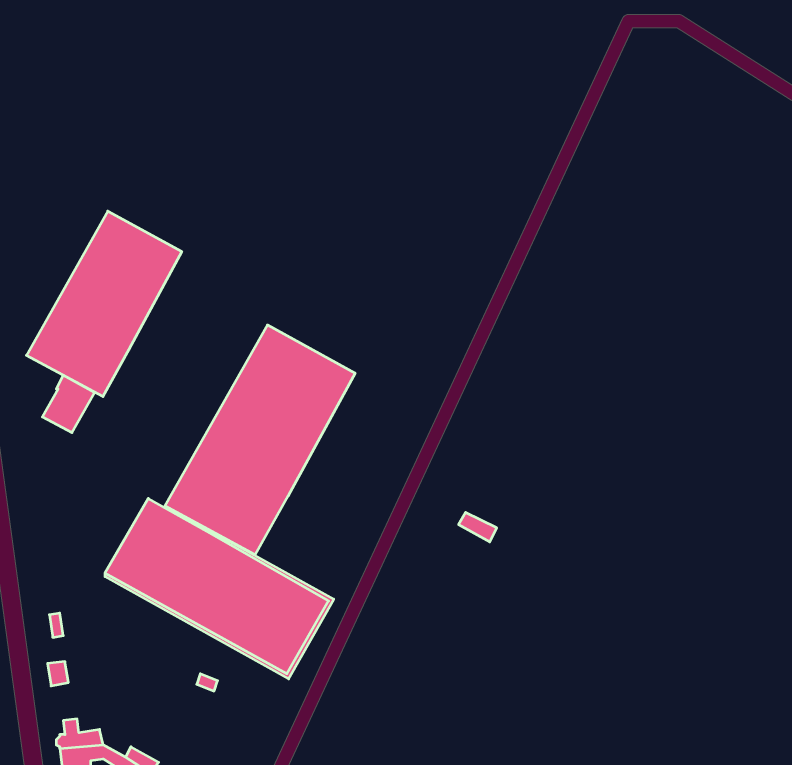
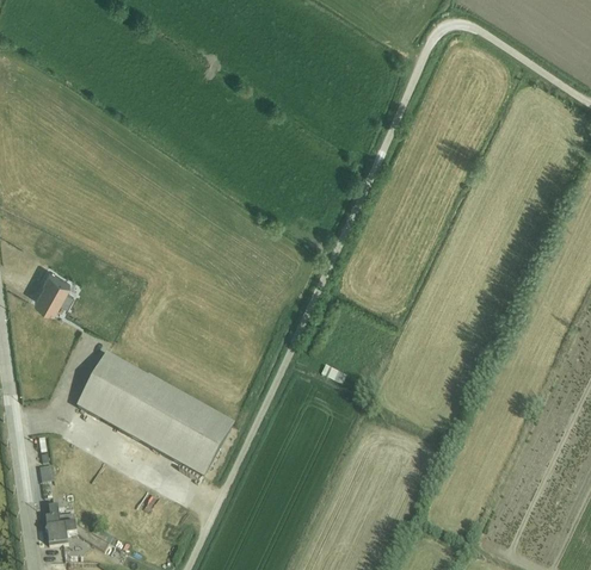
building: [26,211,182,397] -> none
building: [165,325,355,555] -> none

